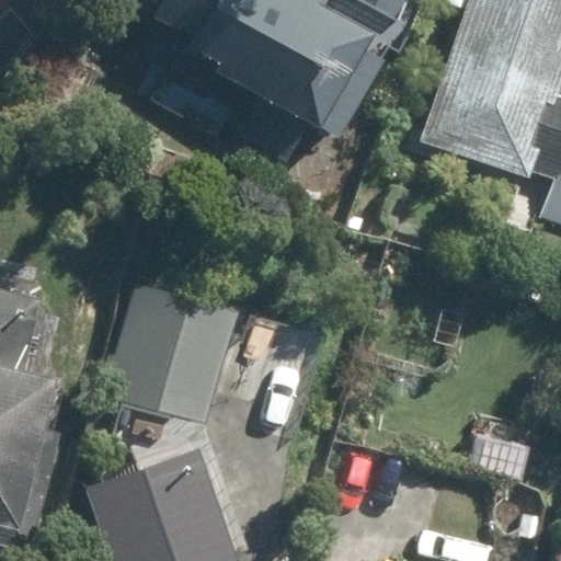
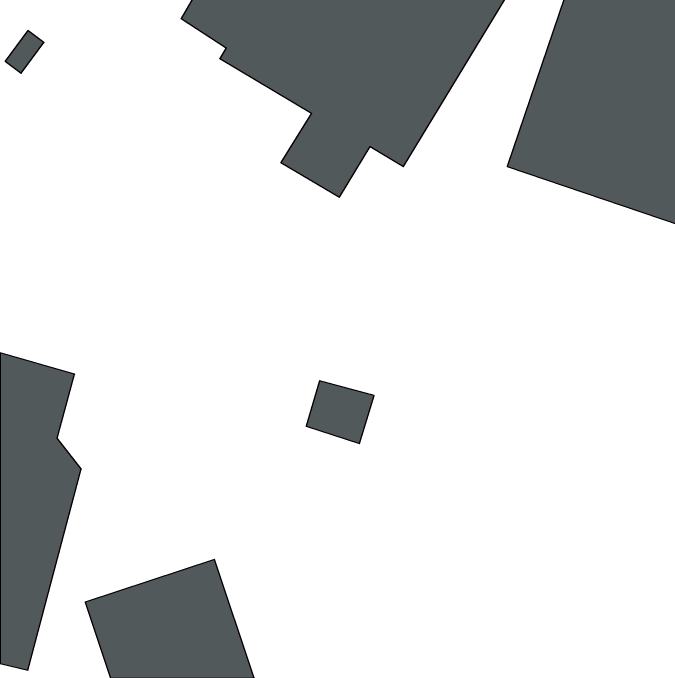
building: [102,287,222,423] -> none

